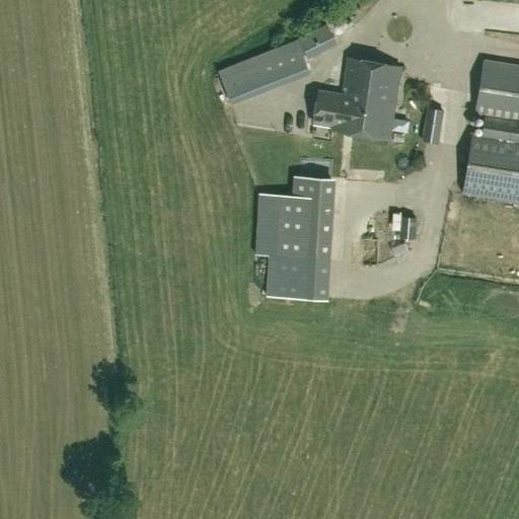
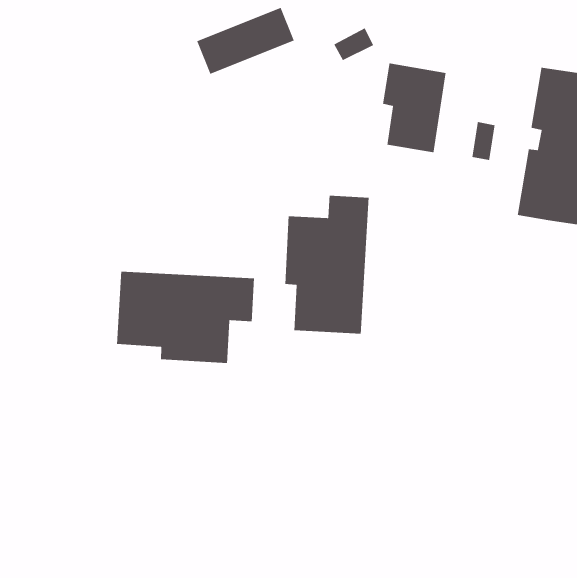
building: [221,42,309,102] -> [196,7,295,75]
building: [314,90,353,131] -> none
building: none -> [116,271,255,364]

